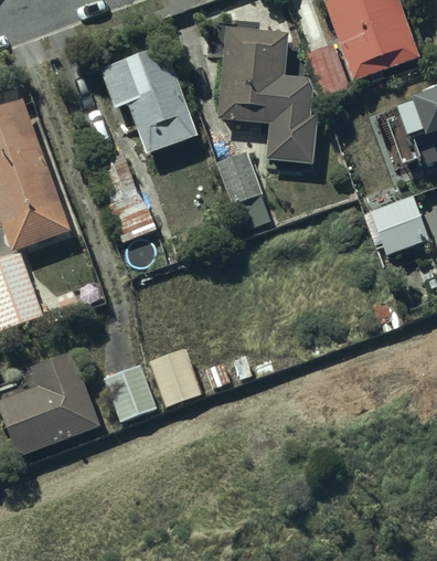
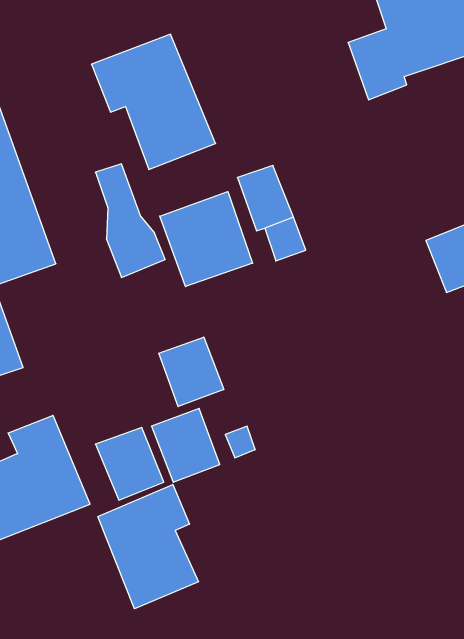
building: [217,25,315,163] -> none
building: none -> [160,192,253,287]
building: none -> [159,337,224,407]
building: none -> [98,484,198,609]

